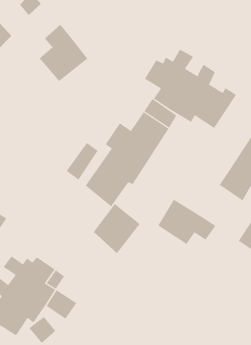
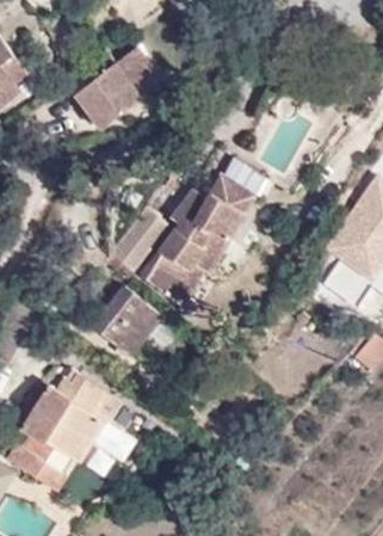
building: none -> [118,49,166,100]
building: [144,49,237,129] -> none
building: [157,199,216,245] -> none
building: [93,203,141,254] -> [89,287,155,357]

